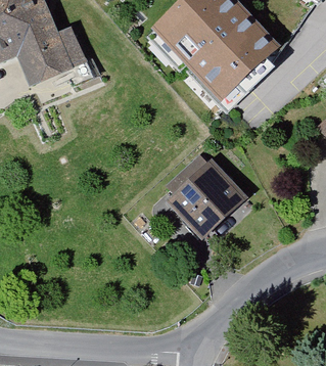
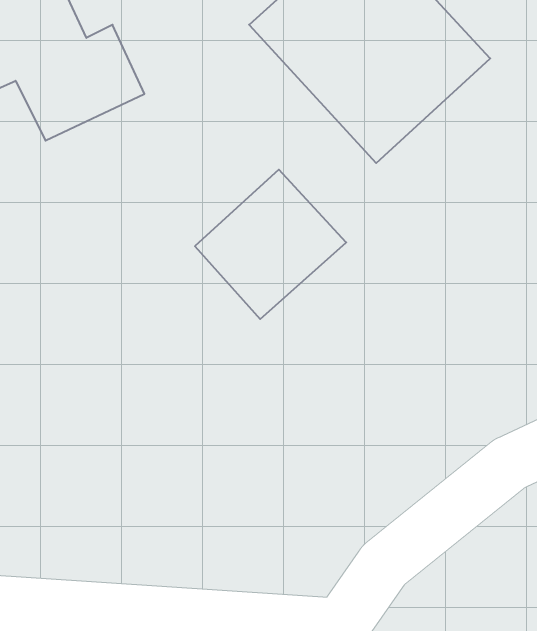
building: [166,157,248,239] -> [195,170,346,319]

